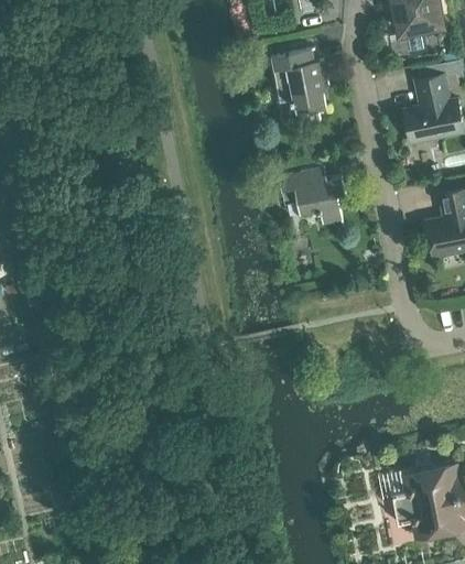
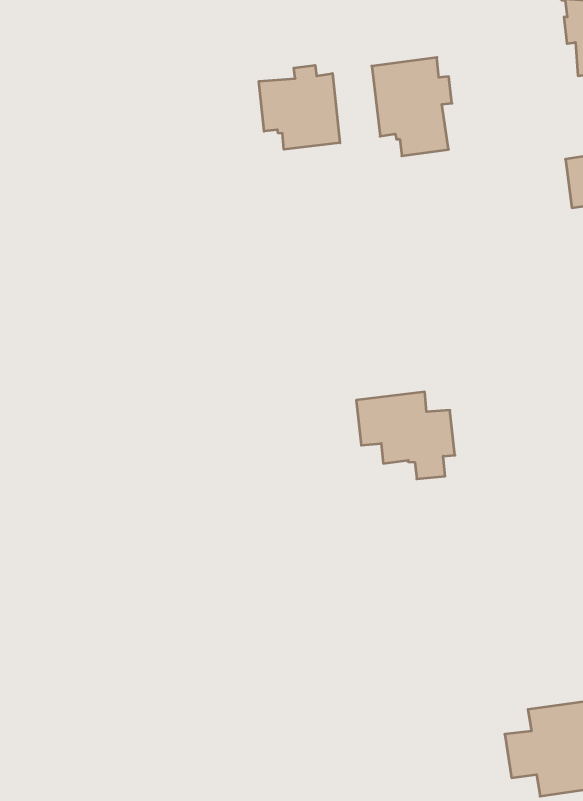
building: none -> [259,65,340,149]
building: [279,164,347,223] -> [356,392,455,479]

